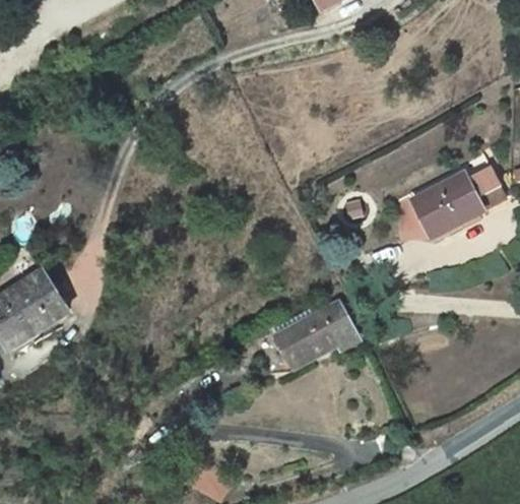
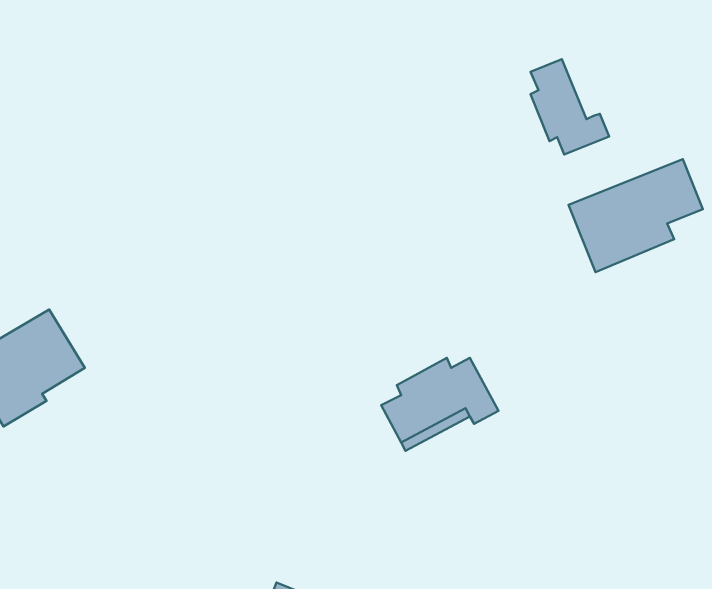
building: none -> [530,59,609,154]

